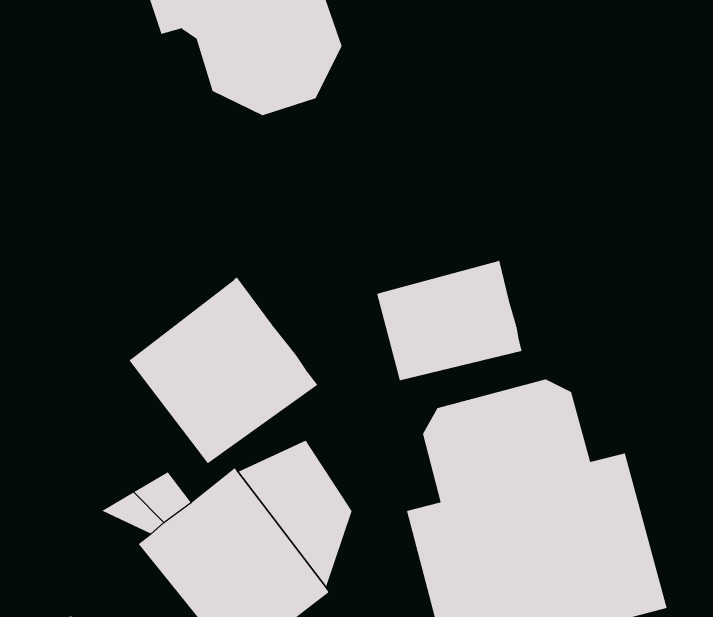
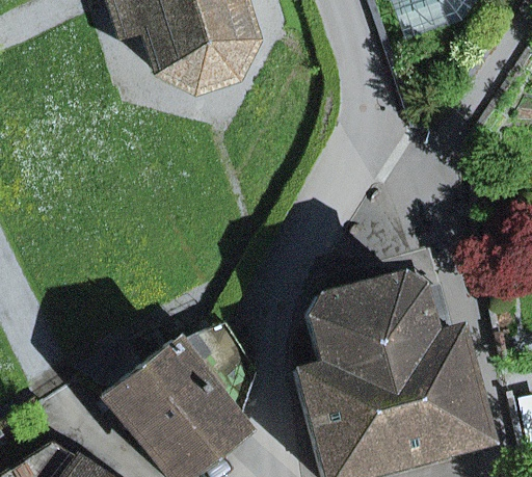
building: [376,260,522,381] -> none
building: [129,276,318,464] -> none

